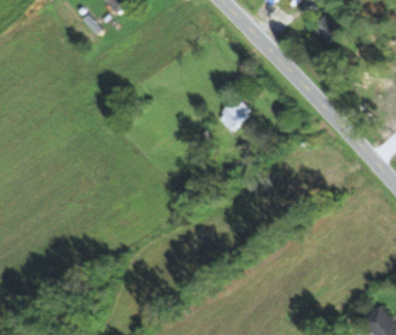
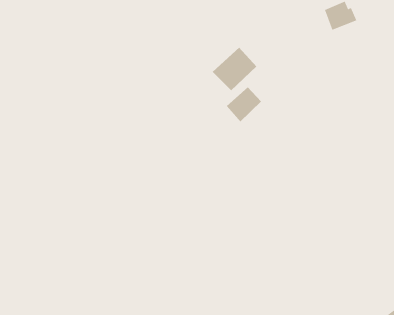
building: none -> [212,47,257,91]

